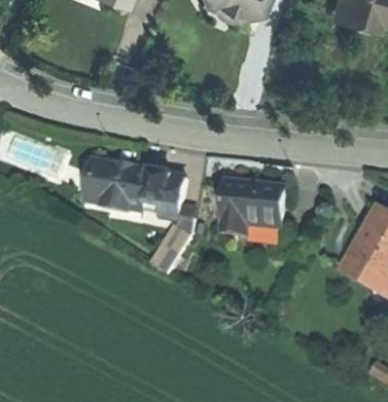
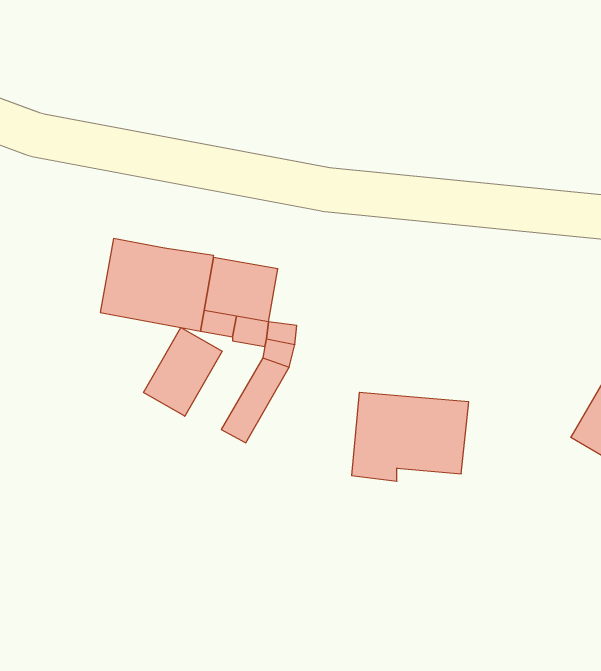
building: [222,182,286,230] -> [352,392,469,481]
building: none -> [144,328,222,416]

